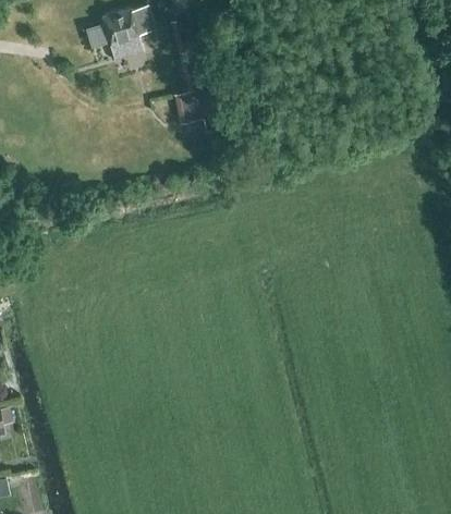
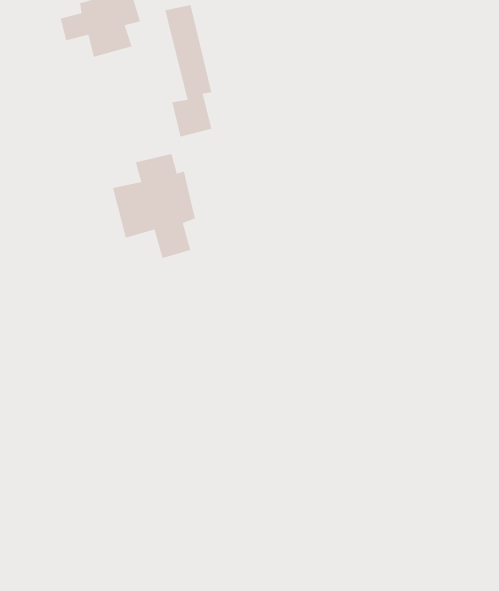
building: none -> [113,153,195,259]

